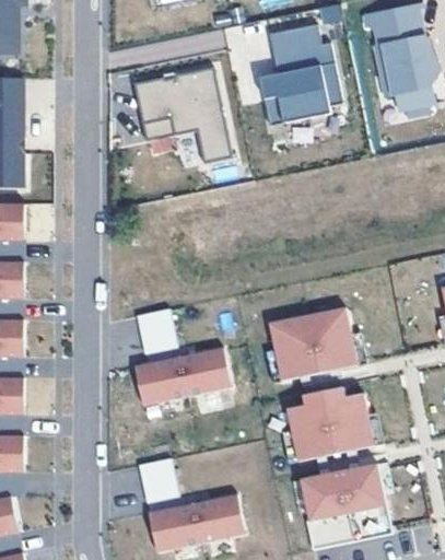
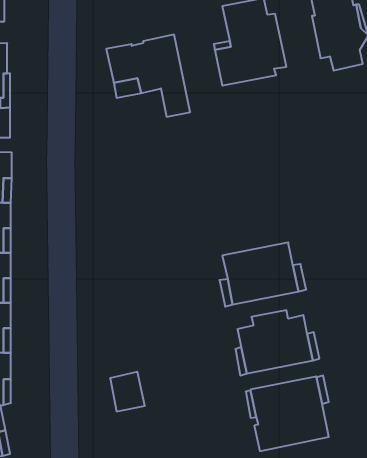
building: [137,308,175,341] -> none
building: [134,347,232,405] -> none
building: [149,493,246,551] -> none

